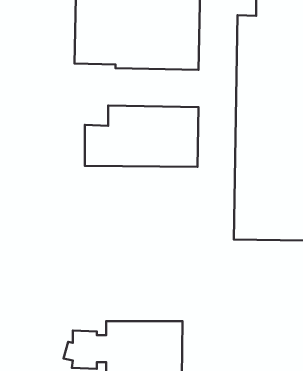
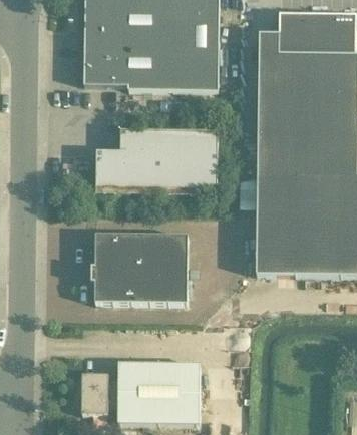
building: none -> [89,230,187,299]

